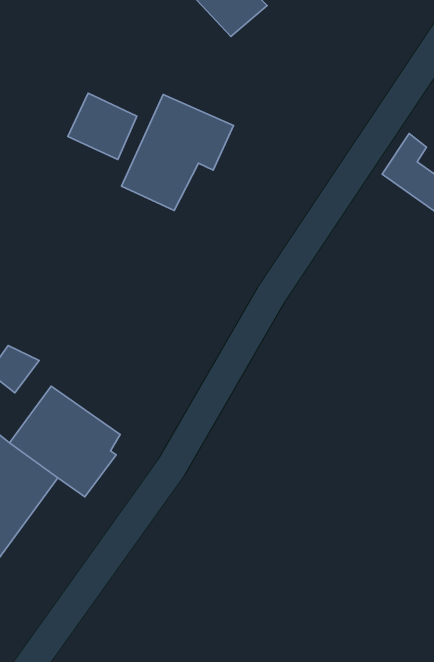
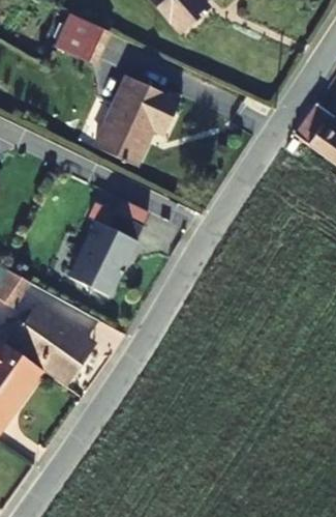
building: [68,93,137,159] -> [56,12,109,63]
building: none -> [68,211,140,296]

